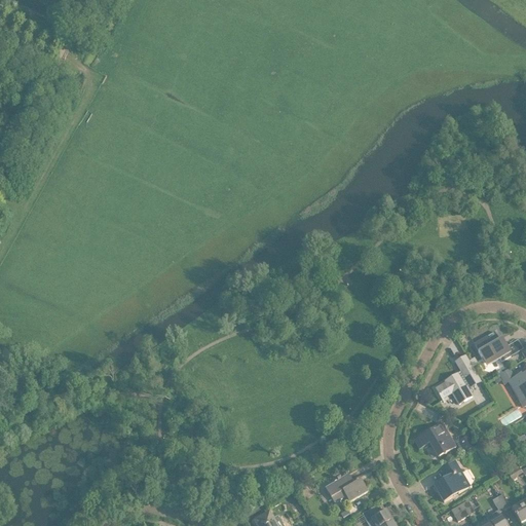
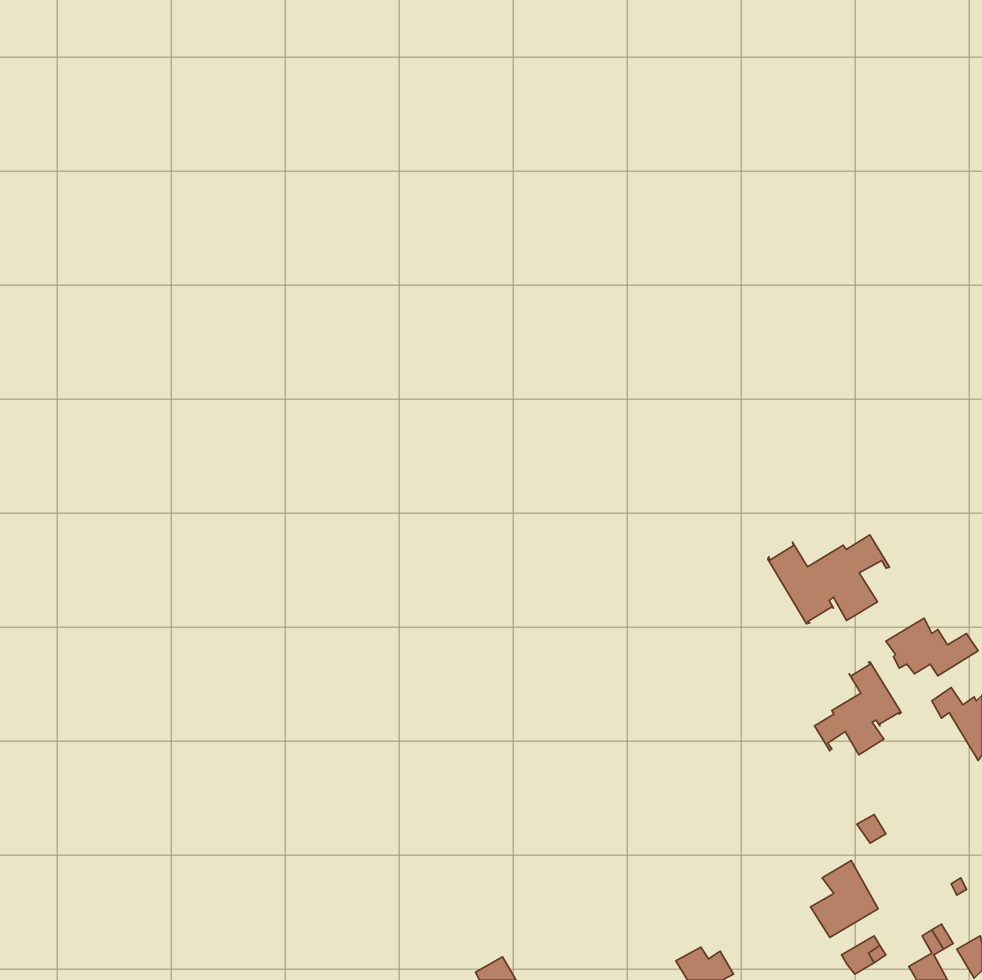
building: none -> [768,535,889,624]
building: [413,422,454,455] -> none
building: [324,473,367,502] -> none

